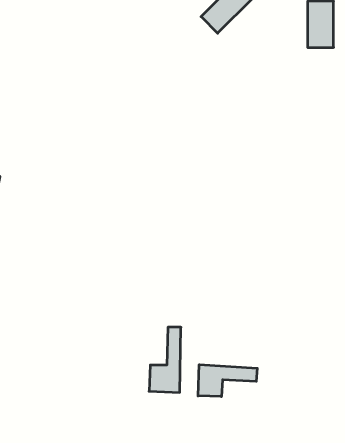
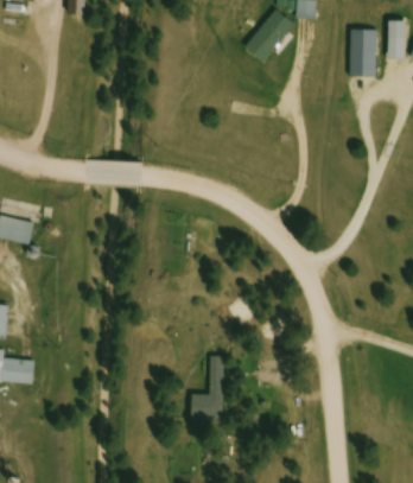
building: [198,365,257,397] -> none

